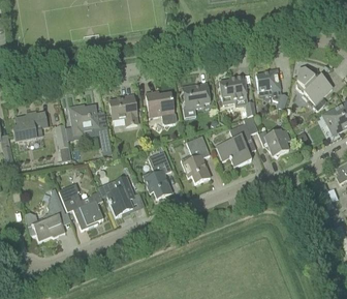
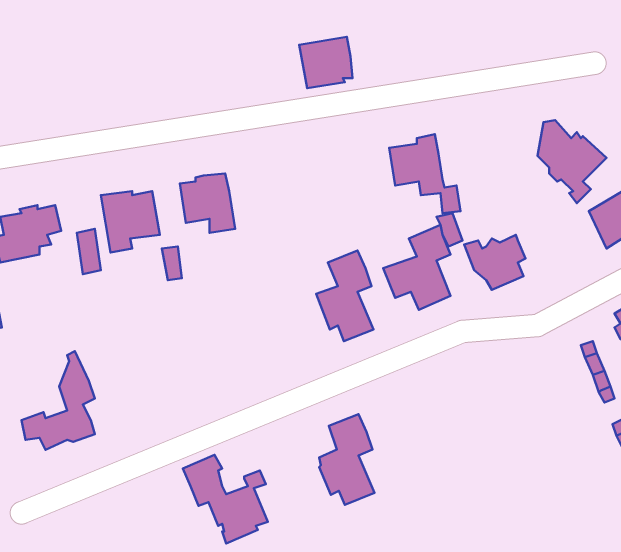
building: [255,68,287,109] -> none
building: [182,82,210,109] -> [299,37,353,88]
building: [146,90,177,123] -> none
building: [144,150,172,198] -> [319,414,374,505]
building: [105,175,135,214] -> none
building: [59,182,103,229] -> [183,455,268,543]

